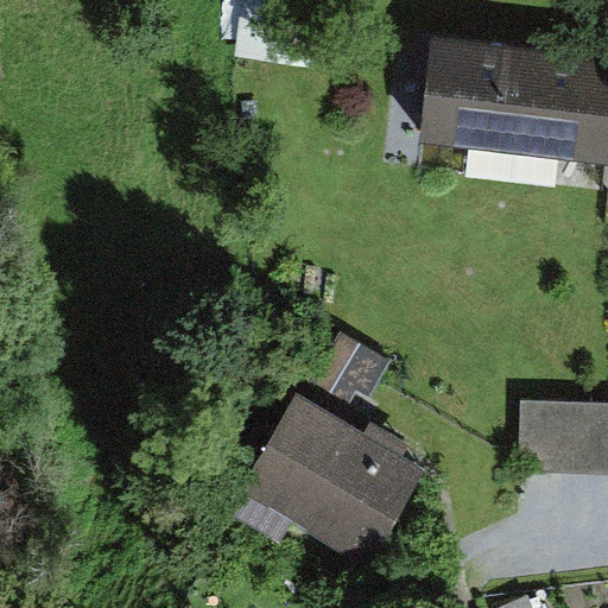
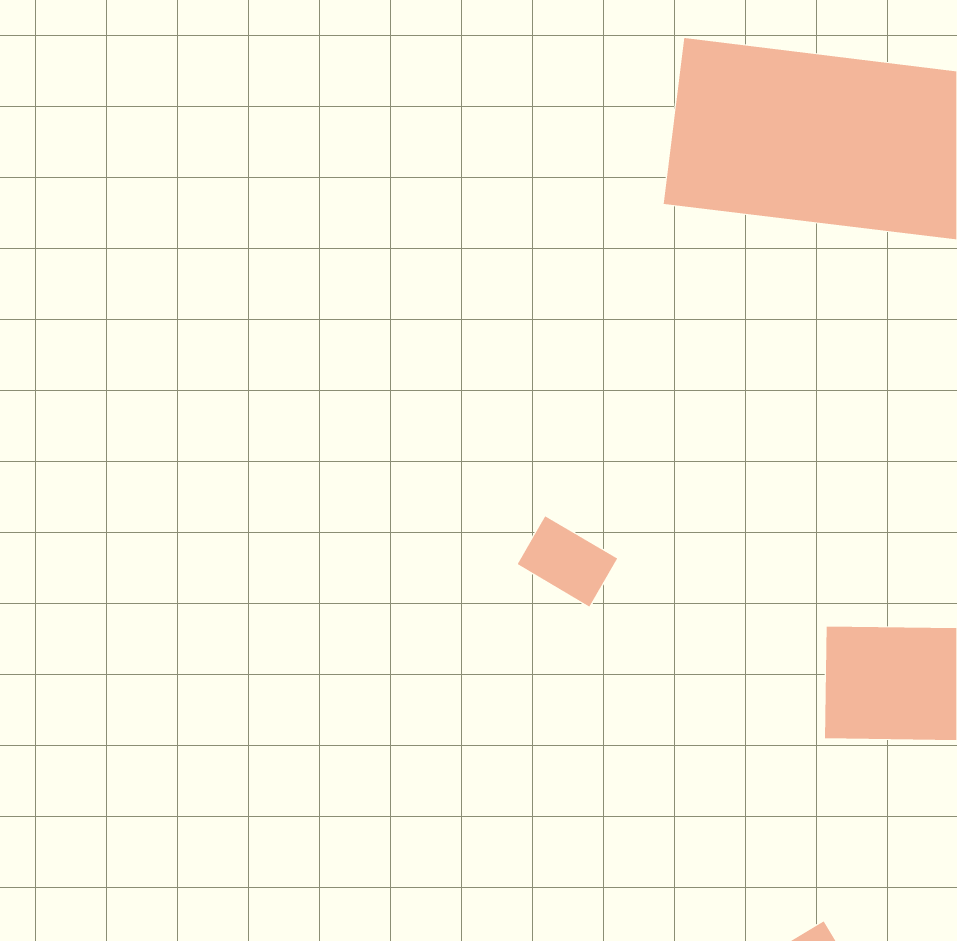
building: [236,397,424,559] -> none

